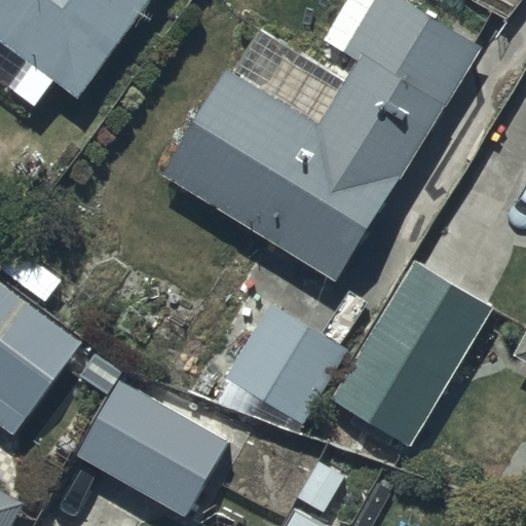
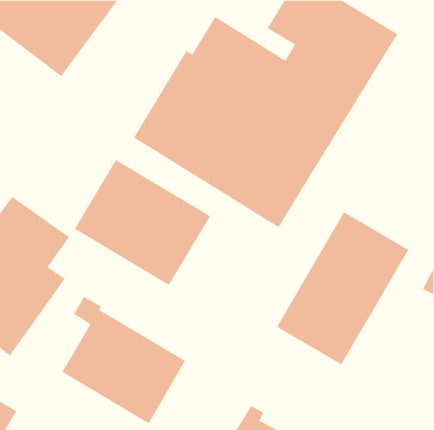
building: none -> [74,159,211,286]
building: [224,300,347,425] -> none

